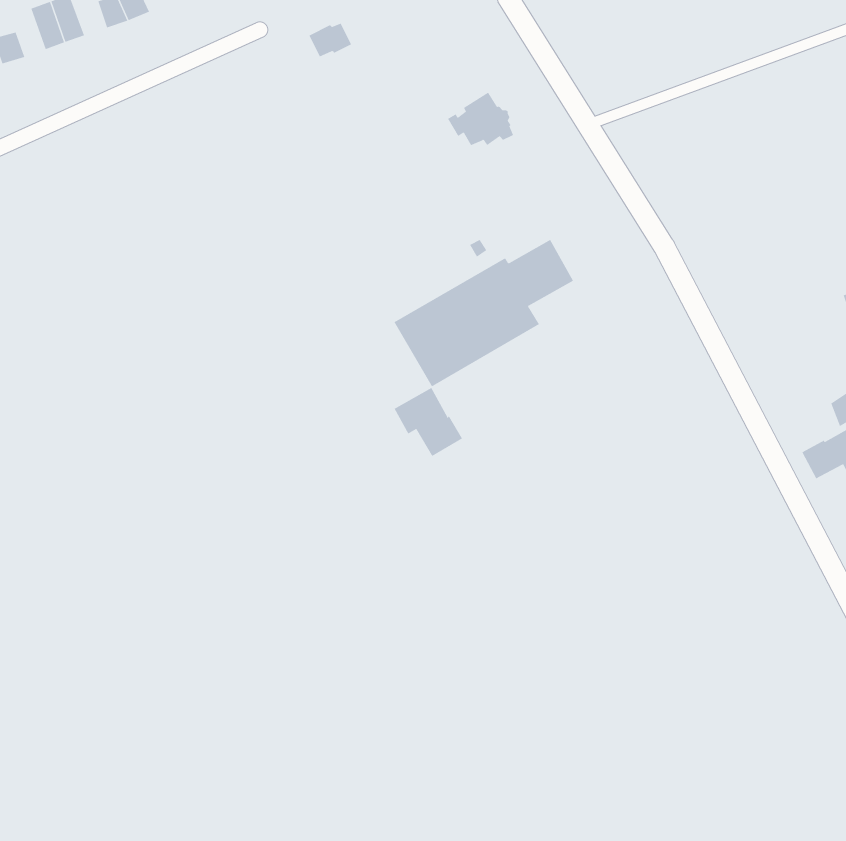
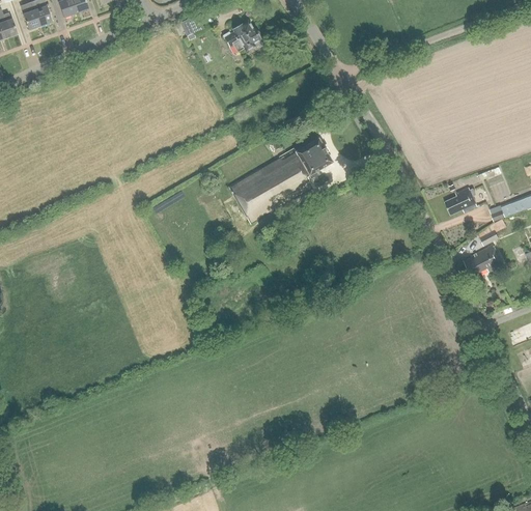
building: [447,92,514,146] -> [223,20,261,51]
building: none -> [444,187,477,215]
building: [394,387,463,457] -> none

